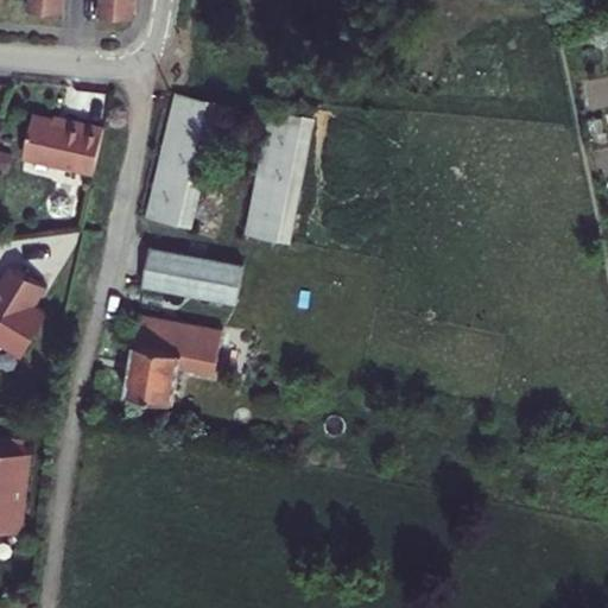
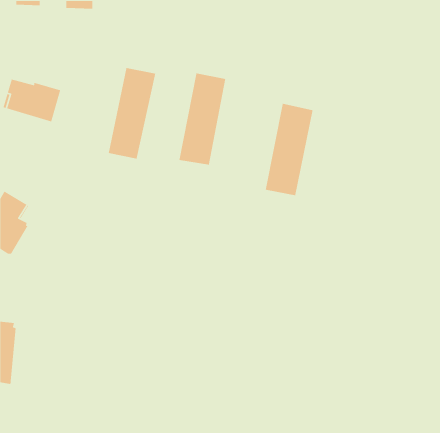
building: none -> [265,103,314,196]
building: [145,245,255,302] -> none
building: [125,317,242,405] -> none

